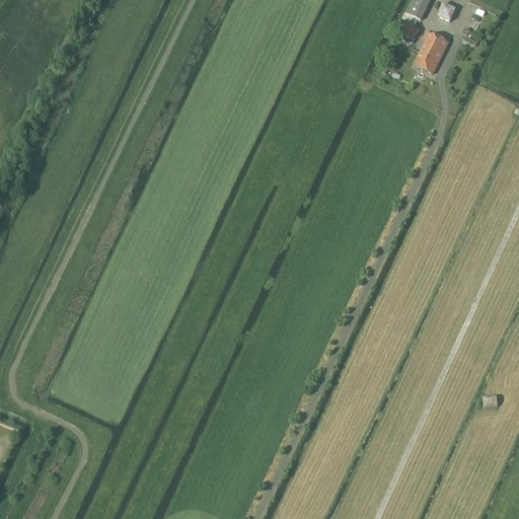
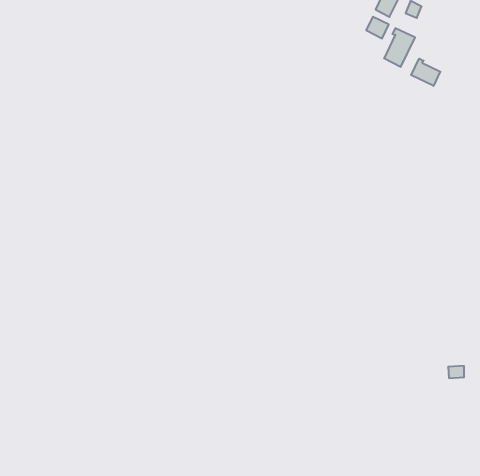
building: none -> [411,59,440,86]

